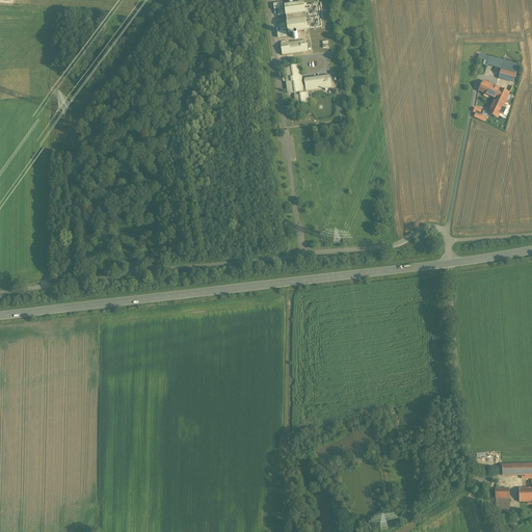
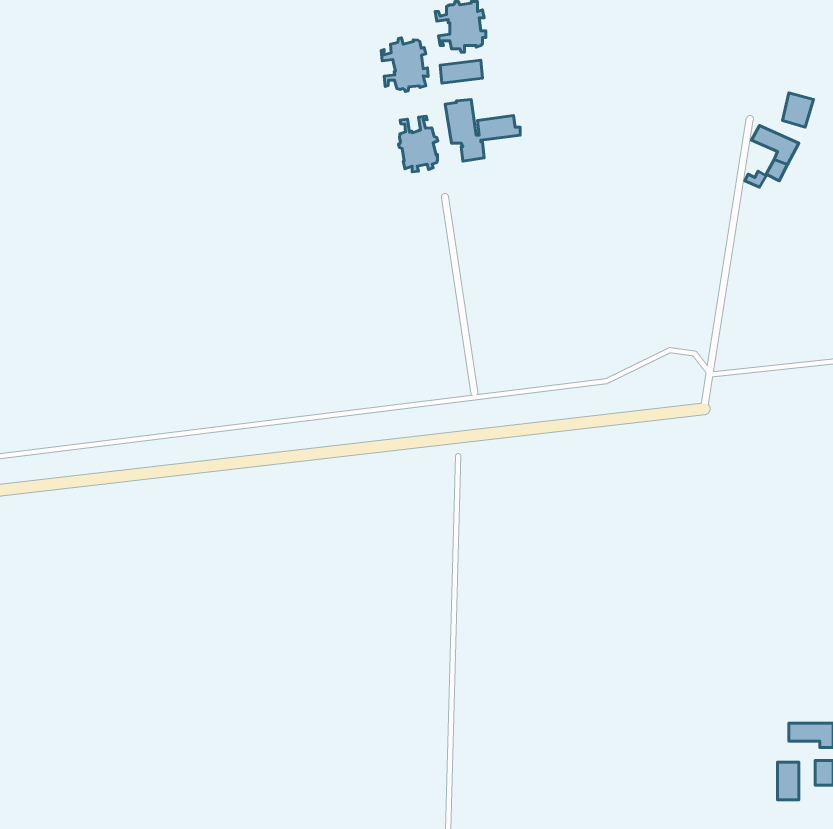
building: none -> [381,38,428,92]
building: none -> [398,116,438,172]

